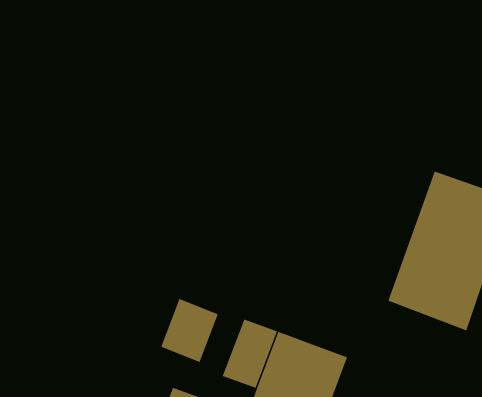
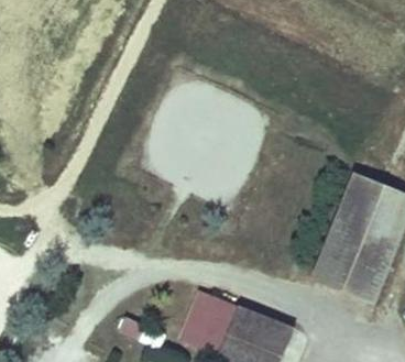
building: [161,298,219,363] -> none

